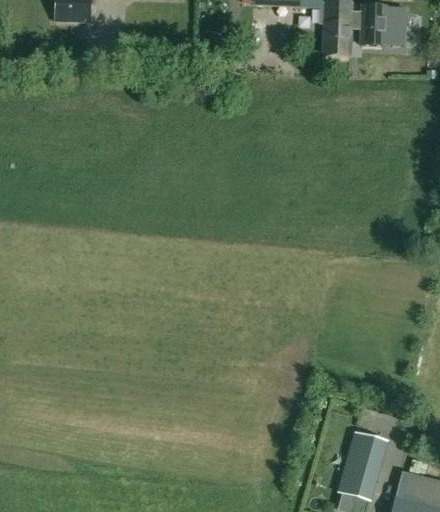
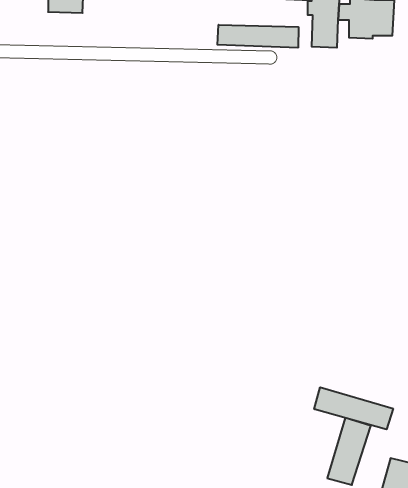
building: none -> [217,25,298,48]
building: none -> [314,387,393,429]

